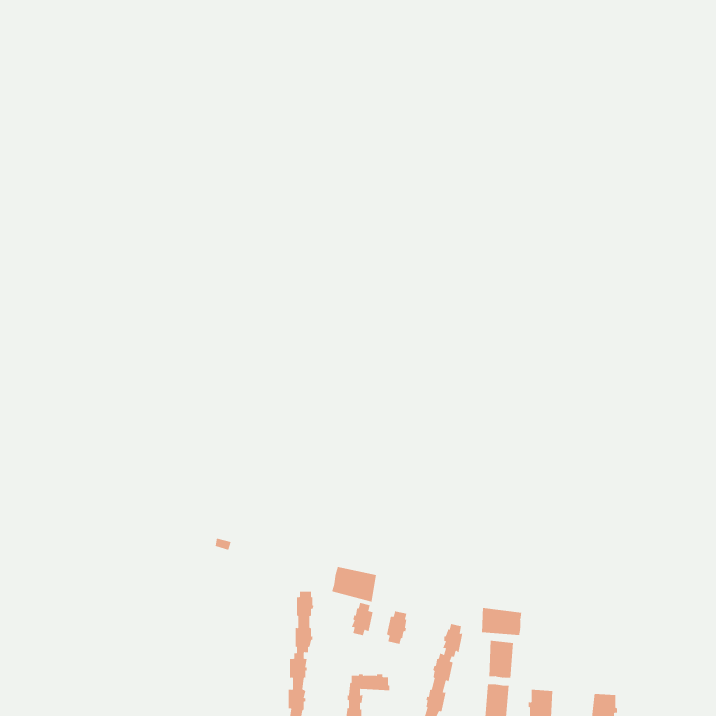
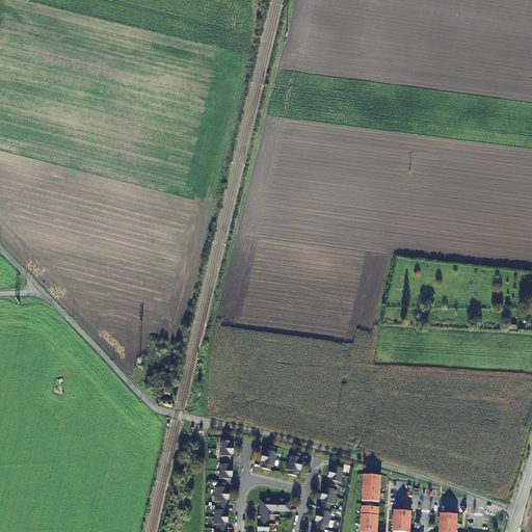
building: [331,566,377,602] -> none
building: [481,607,522,636] -> none

